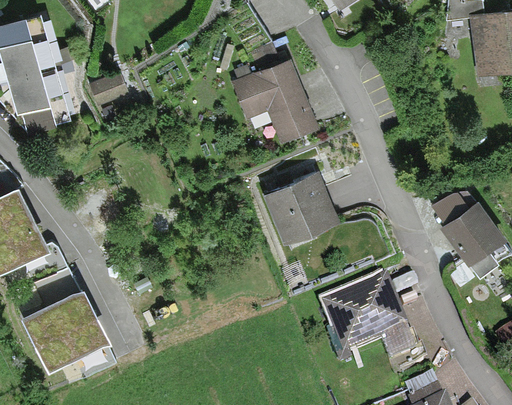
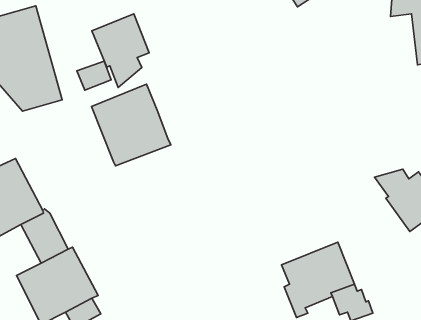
building: none -> [92,14,149,87]
building: [230,57,319,143] -> none
building: none -> [91,84,171,166]
building: [262,170,339,245] -> none

